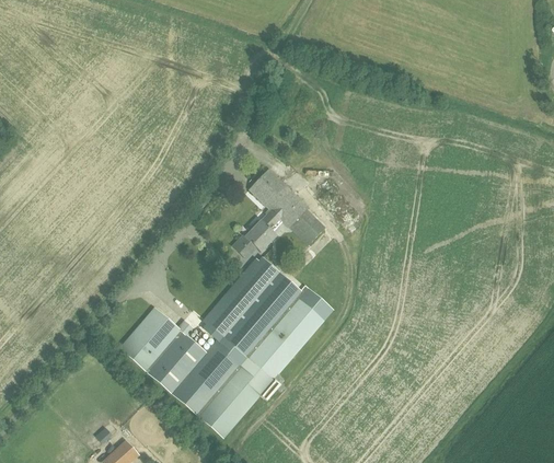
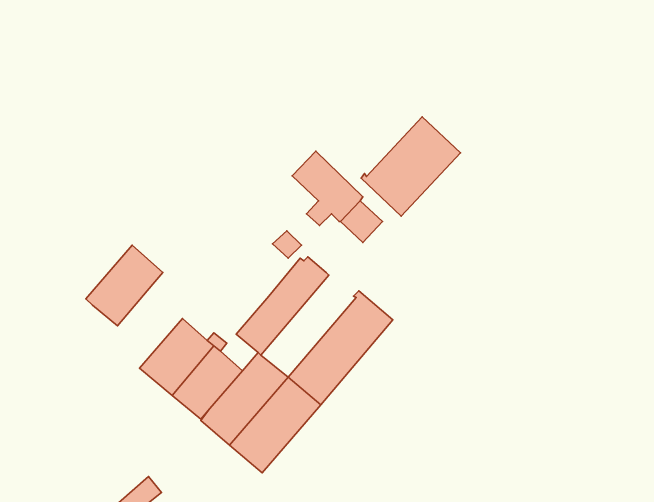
building: none -> [361,117,460,216]
building: [244,220,275,251] -> none
building: none -> [86,245,163,326]
building: [221,271,300,357] -> none

